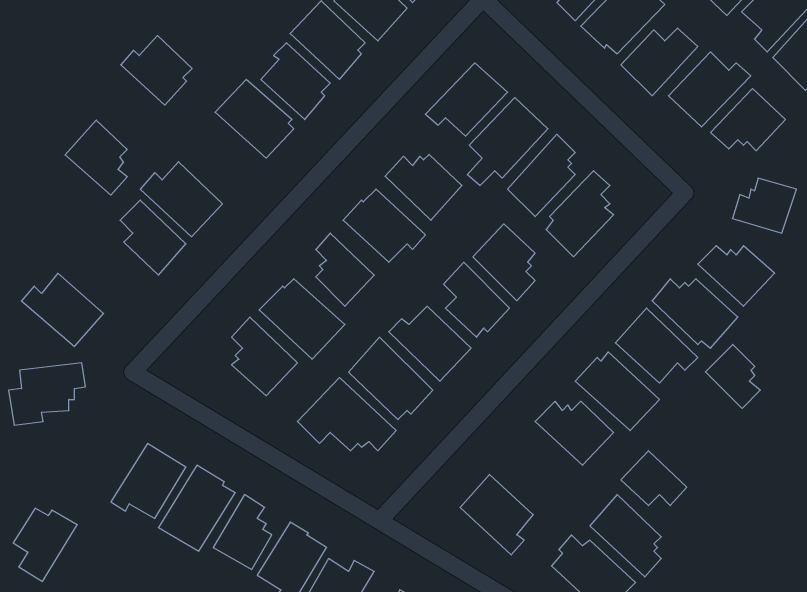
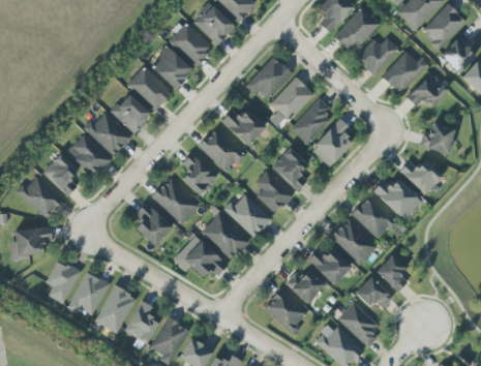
building: [121,36,192,105] -> [110,94,150,133]
building: [65,120,127,195] -> [42,153,78,195]
building: [705,344,760,408] -> [377,255,408,292]
building: none -> [285,269,325,303]
building: [13,508,77,581] -> [46,262,82,303]

